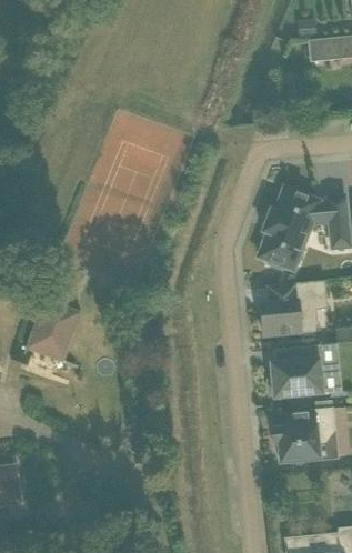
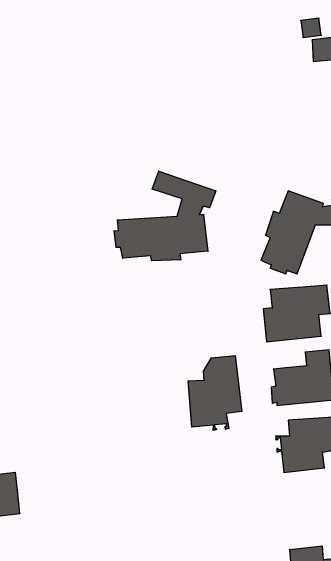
building: none -> [114,171,216,261]
building: [27,298,82,361] -> none
building: none -> [188,356,242,430]

